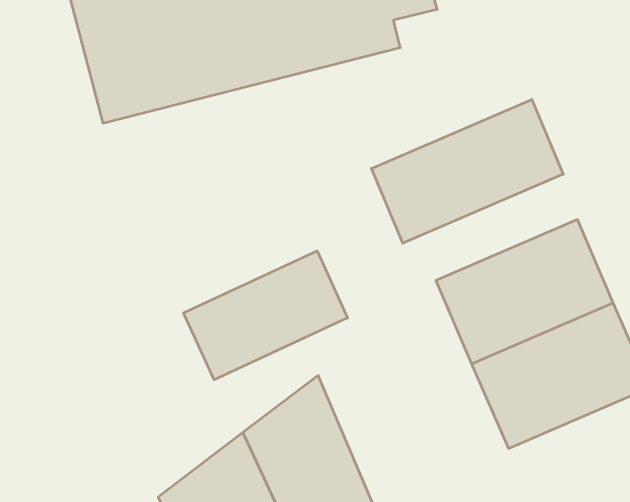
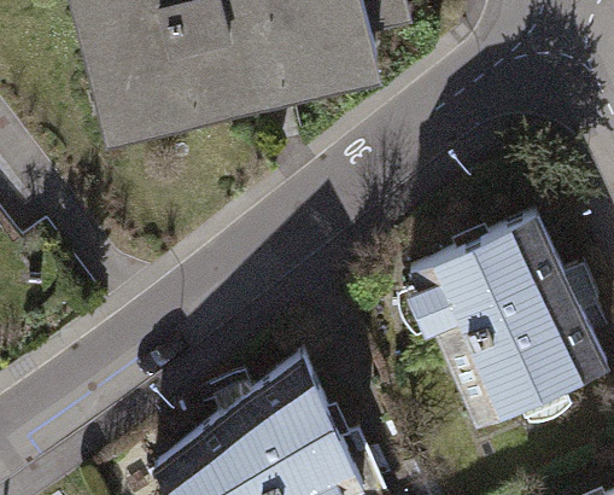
building: [371,99,563,243] -> none
building: [184,251,348,380] -> none

